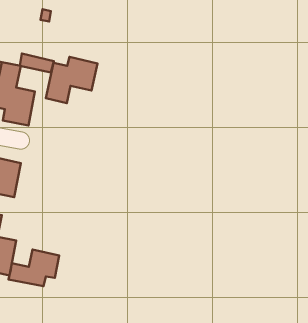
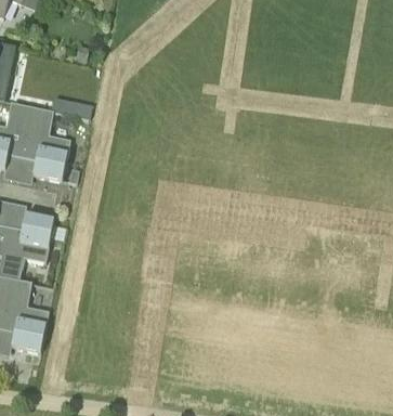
building: [46,57,98,103] -> none
building: [9,250,59,286] -> none

